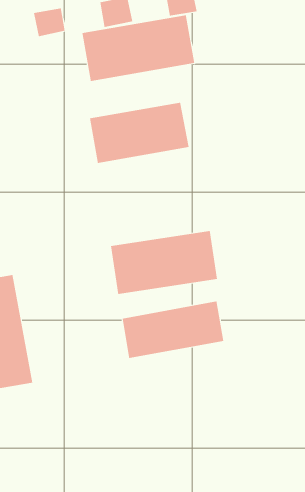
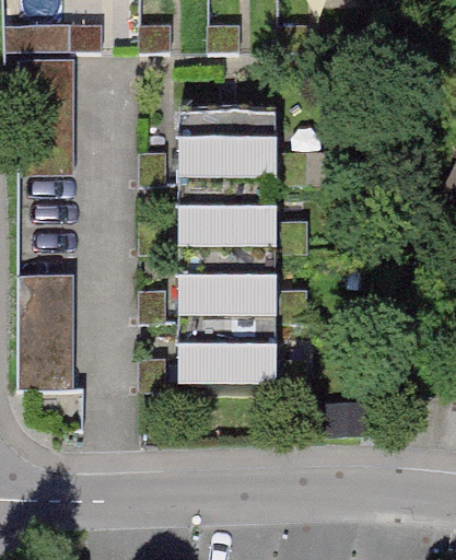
building: [82,15,195,82] -> none
building: none -> [176,201,278,248]

